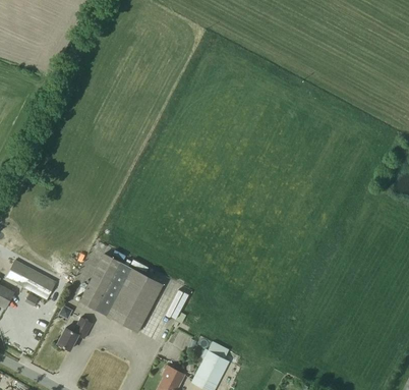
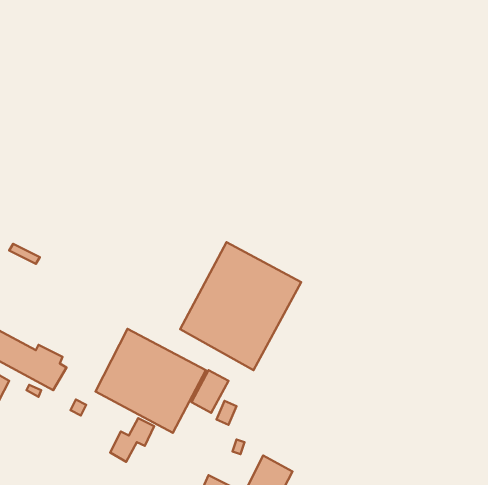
building: none -> [180,242,301,370]
building: [58,317,92,350] -> [110,418,154,462]

